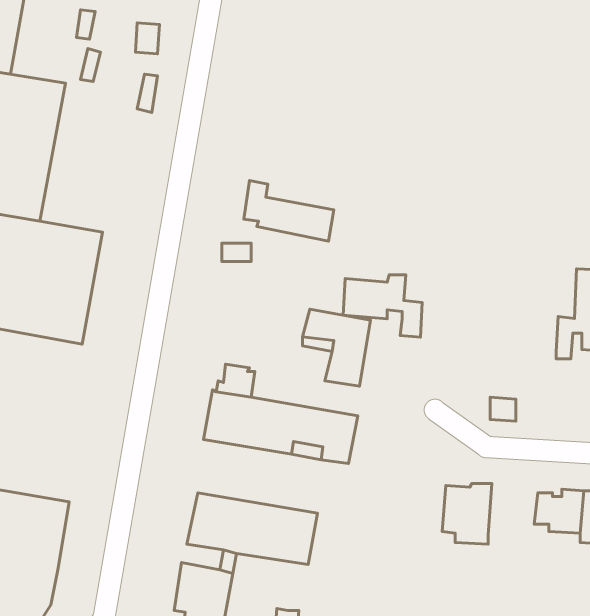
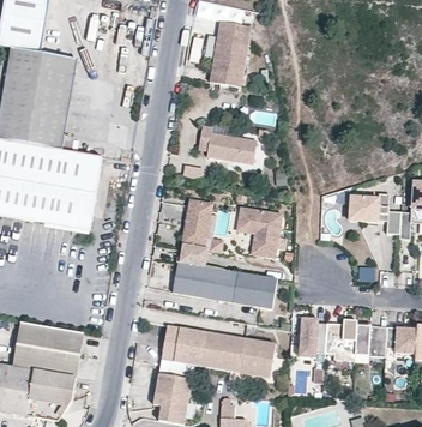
building: none -> [207,22,249,88]
building: [343,275,422,337] -> [349,193,400,234]
building: none -> [177,200,205,245]
building: none -> [299,317,327,356]
building: none -> [355,320,387,357]
building: none -> [237,339,275,378]

